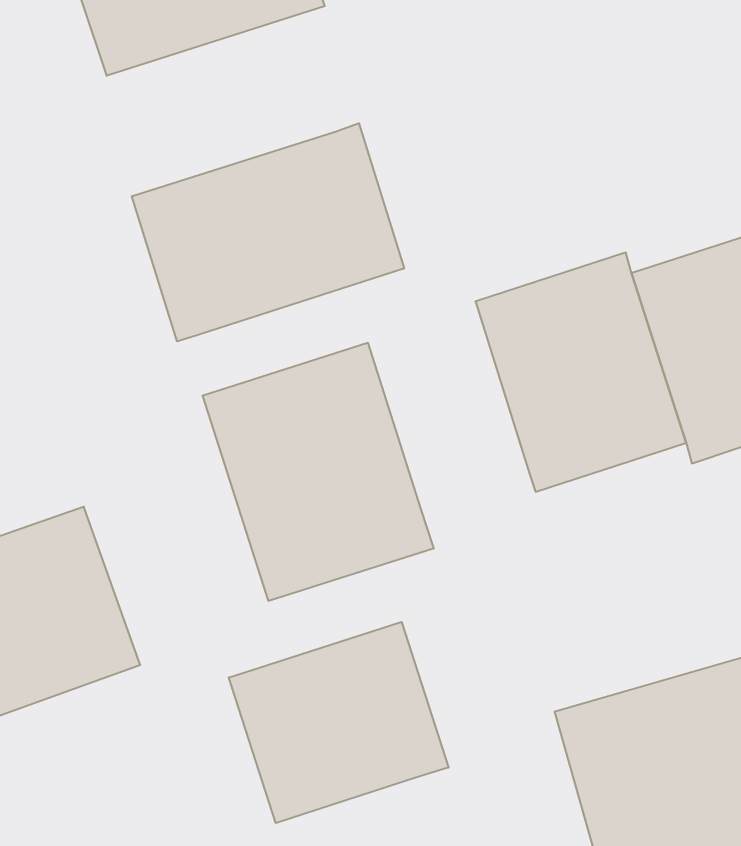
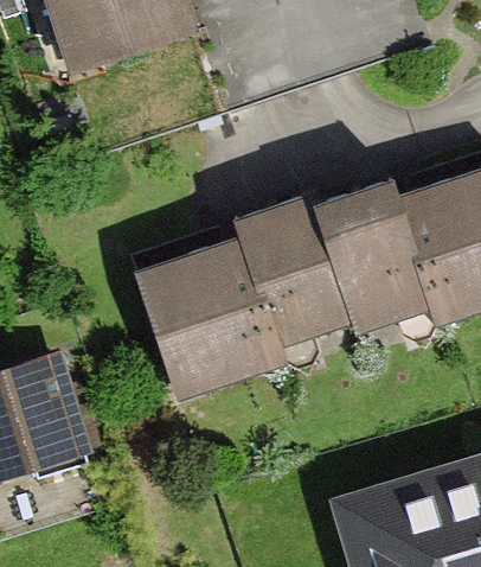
building: [132,123,404,341] -> none
building: none -> [230,205,336,349]
building: [229,622,449,823] -> none

